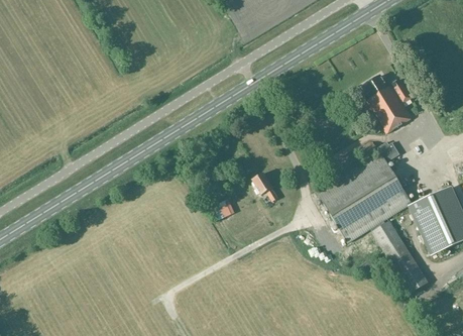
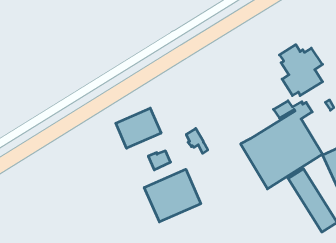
building: none -> [116,108,161,148]
building: none -> [144,169,201,222]

